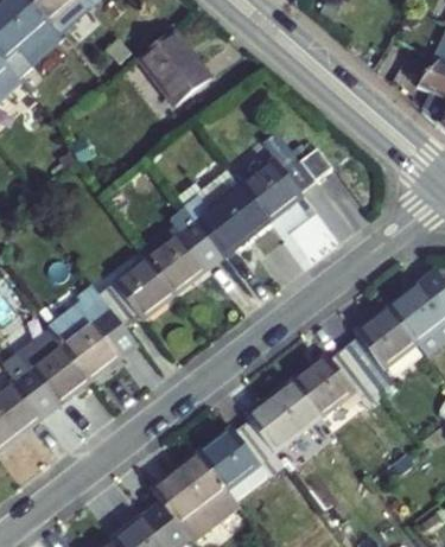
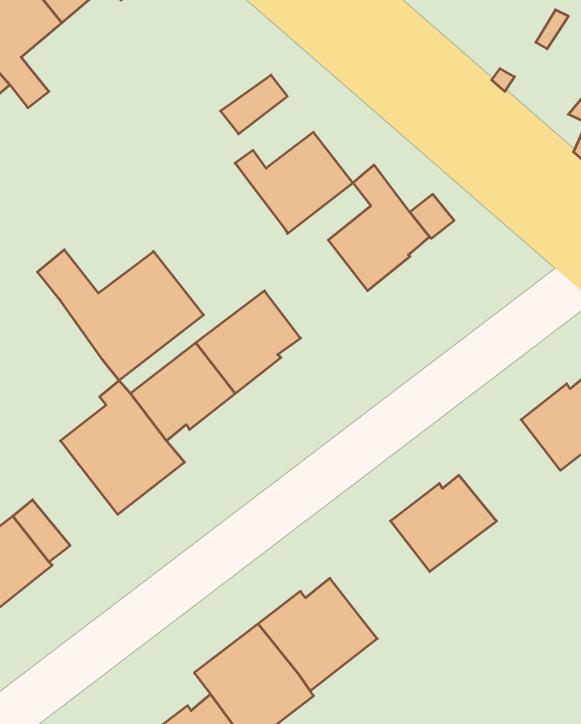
building: [141,27,202,85] -> none
building: [186,179,272,253] -> [235,132,353,234]
building: none -> [37,250,204,381]
building: [338,310,412,383] -> none
building: [28,342,90,403] -> none
building: [240,383,317,457] -> none

